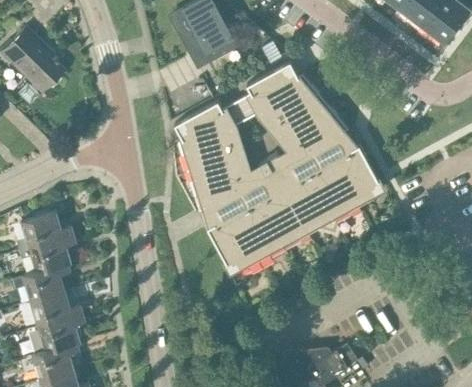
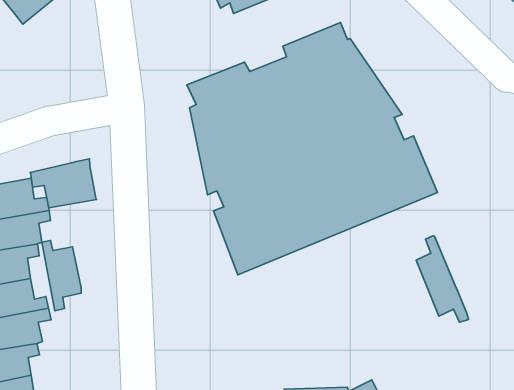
building: none -> [30,159,97,208]
building: none -> [416,236,468,322]
building: none -> [42,241,81,311]

